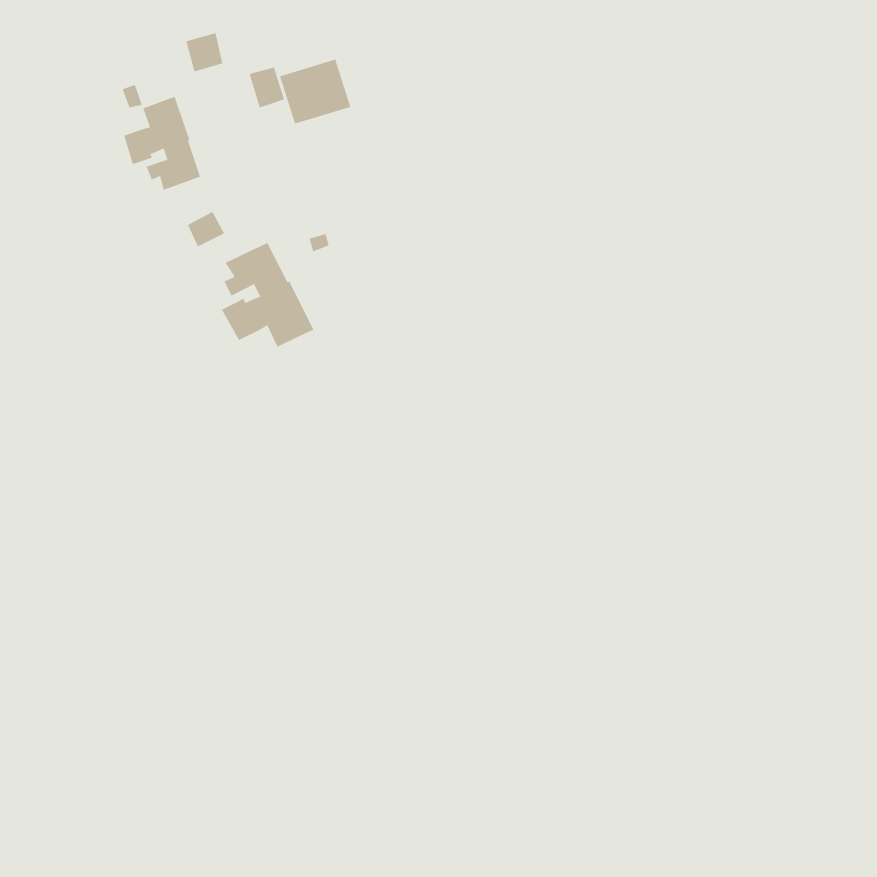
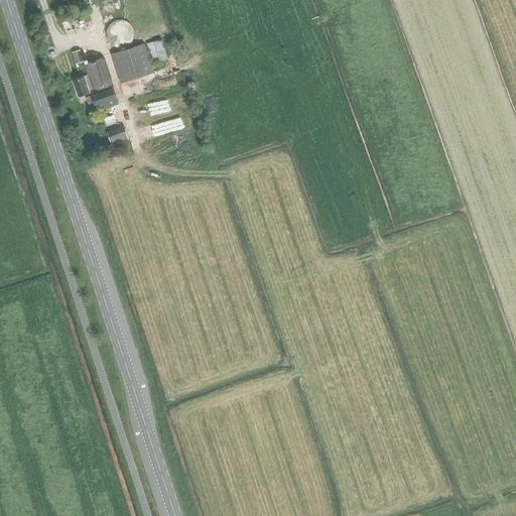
building: [279,59,351,124] -> [111,44,153,83]
building: [221,242,314,347] -> none

